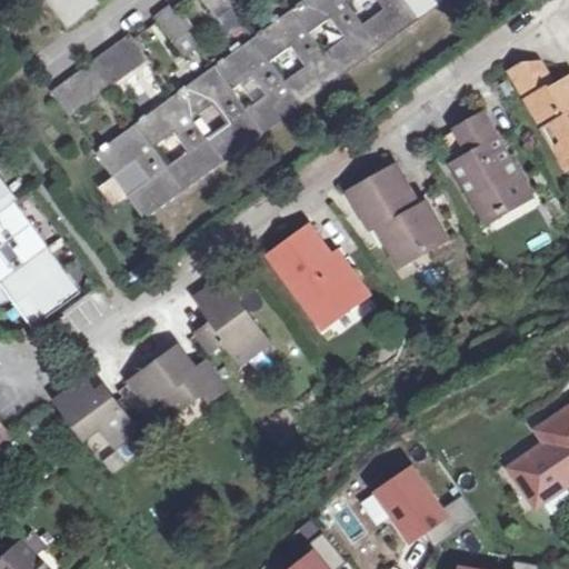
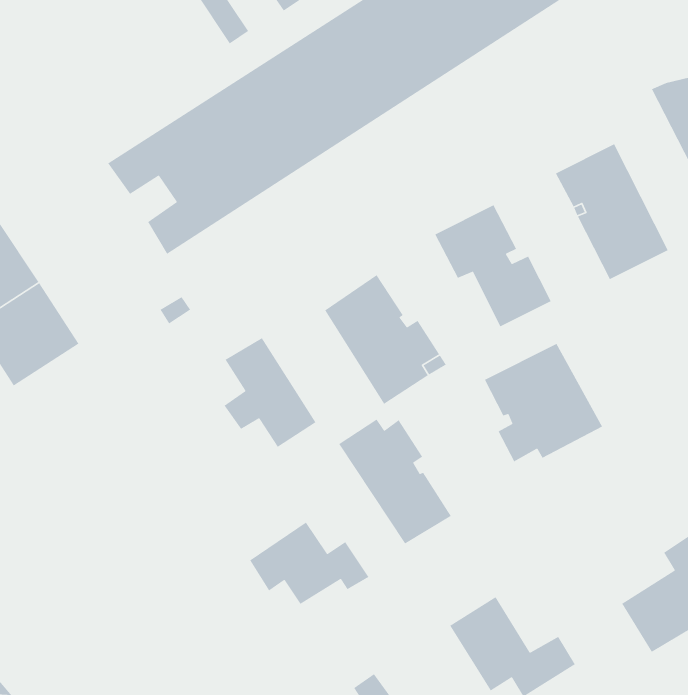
building: [49,31,146,114] -> none
building: none -> [484,343,603,463]
building: none -> [338,419,452,545]
building: [130,348,223,412] -> [249,521,370,605]
building: [53,378,133,445] -> none

